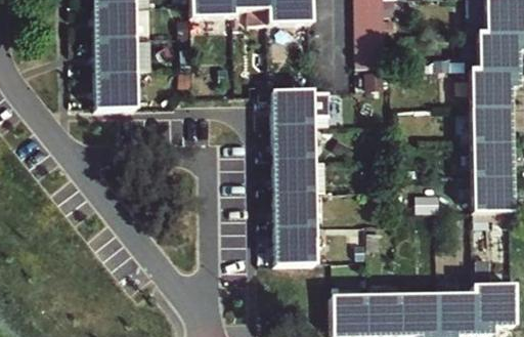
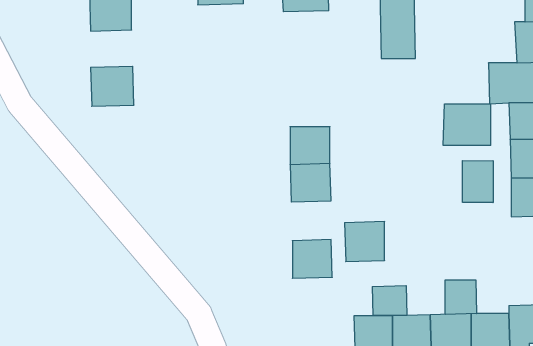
building: [97,38,135,72] -> none
building: [275,90,312,125] -> none
building: none -> [443,104,491,145]
building: none -> [463,161,493,203]
building: [277,192,313,227] -> [345,222,385,262]
building: none -> [445,280,477,314]
building: none -> [372,286,407,316]

